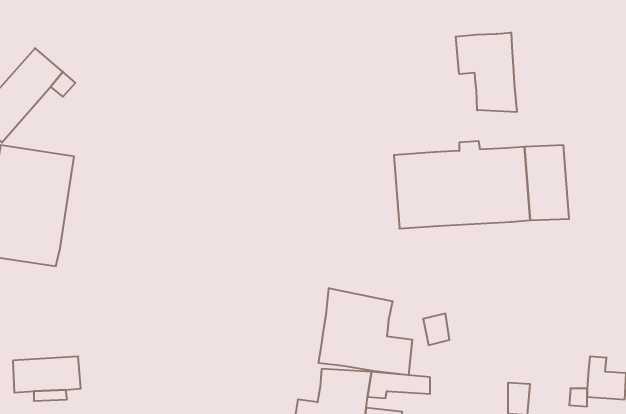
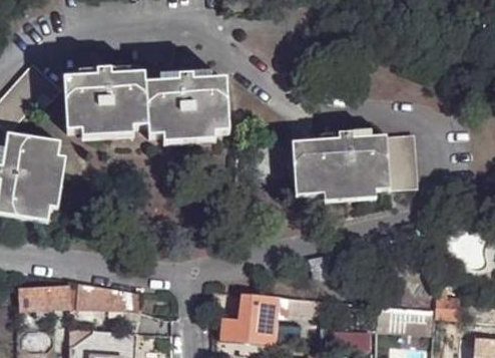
building: [456,32,517,112] -> none
building: none -> [65,70,229,137]
building: [319,288,412,375] -> none
building: none -> [67,284,138,311]

